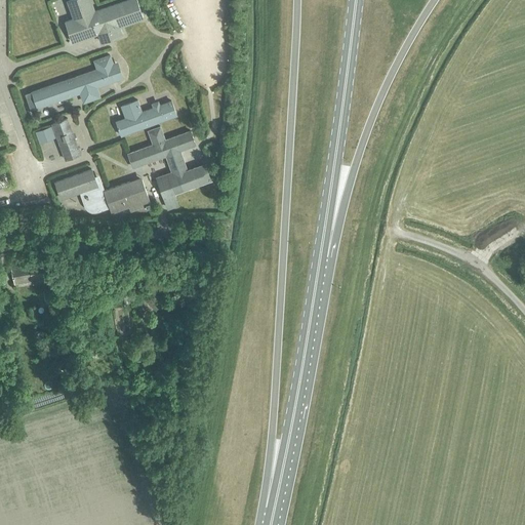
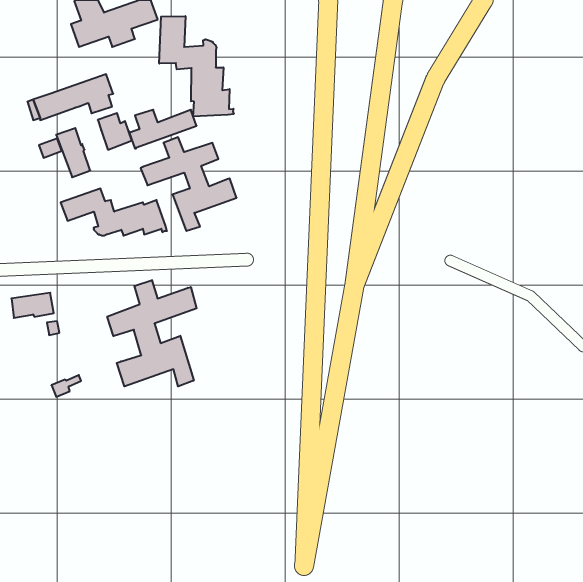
building: none -> [159,16,234,116]
building: [92,53,123,86] -> [98,113,132,150]
building: none -> [107,280,197,386]

